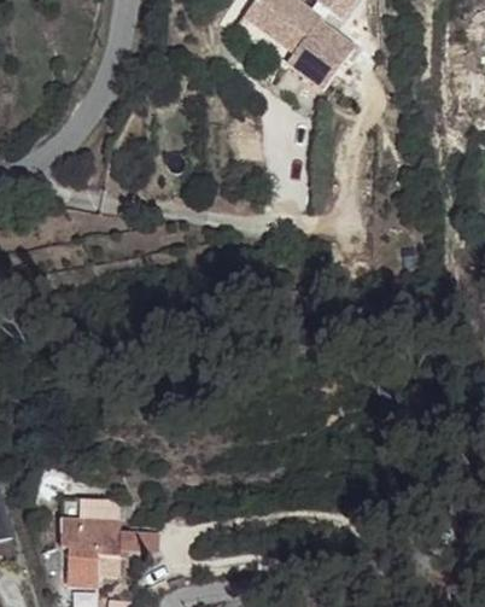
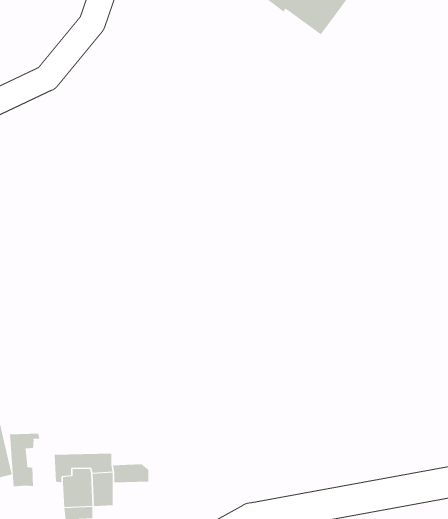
building: none -> [10,433,40,487]

